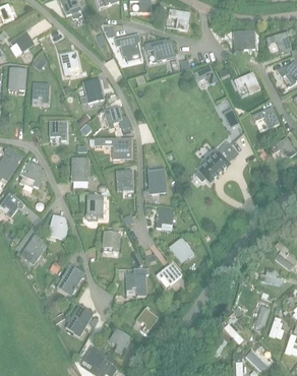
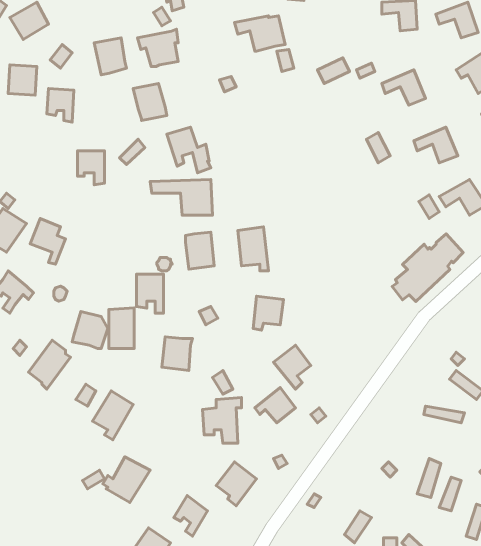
building: [115,34,139,56] -> [138,29,178,67]
building: [195,142,238,183] -> [392,234,463,302]
building: [71,156,86,181] -> [109,308,134,348]

